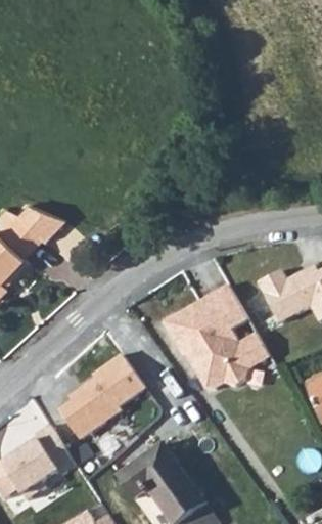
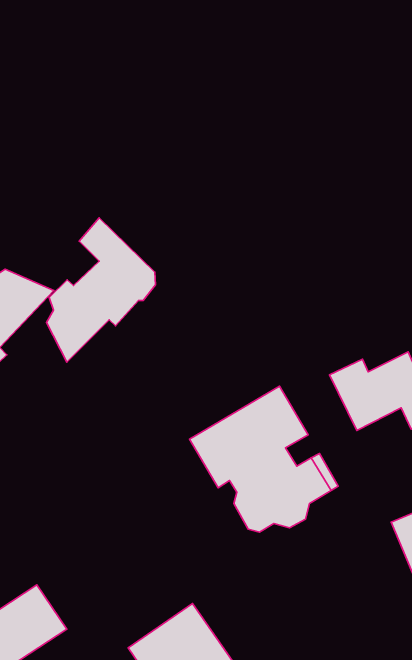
building: none -> [47,218,156,362]
building: [58,353,144,435] -> none

